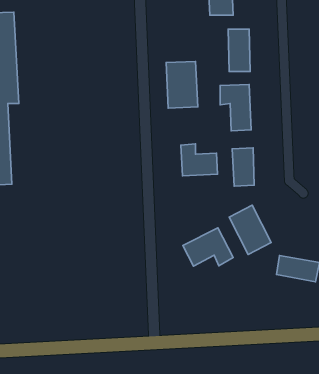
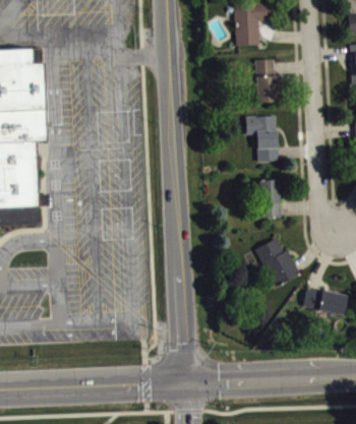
building: [166,61,198,108] -> none
building: [181,144,217,176] -> none
building: [183,228,233,266] -> none

